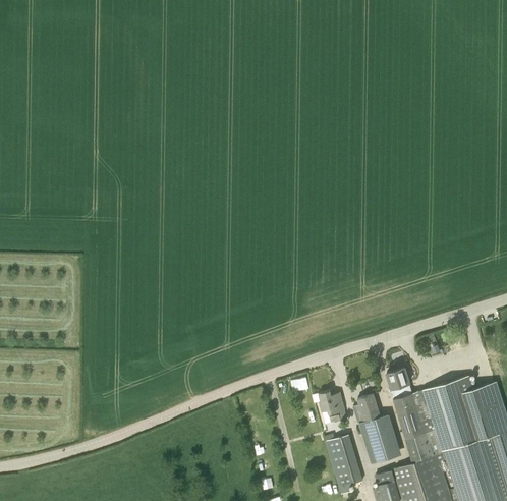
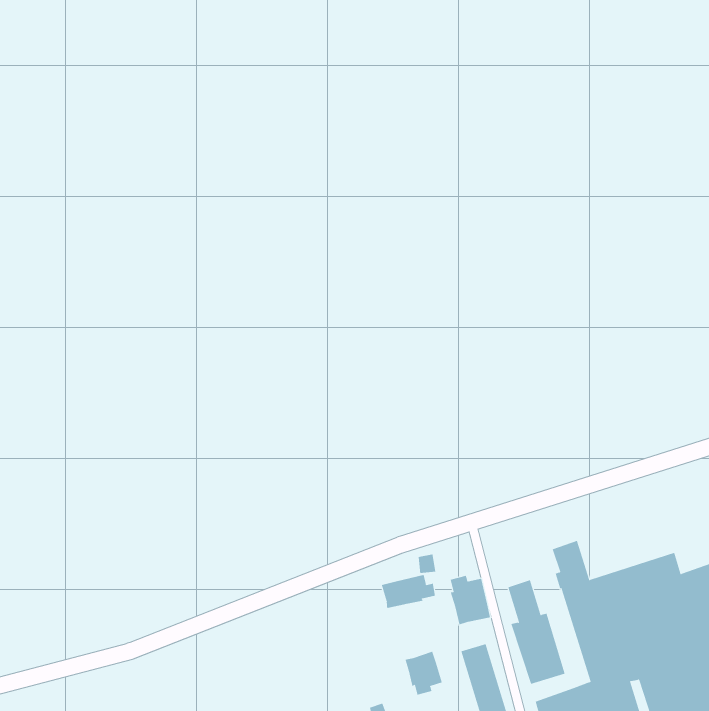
building: none -> [381,574,436,609]
building: none -> [405,651,443,696]

